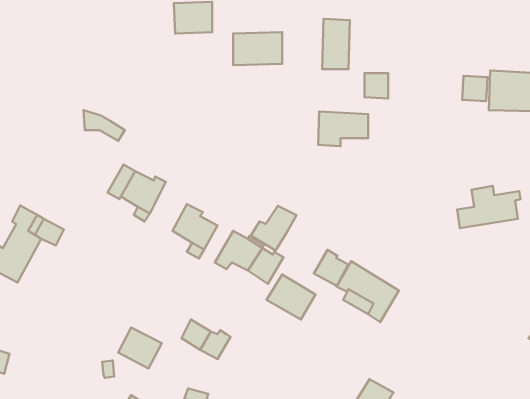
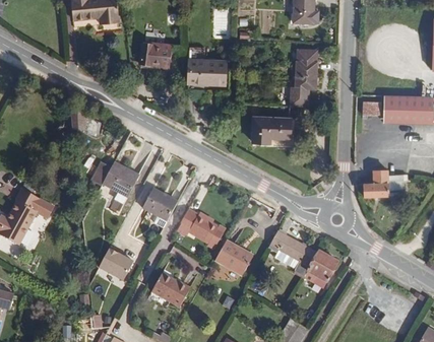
building: [322,19,350,69] -> [294,49,315,87]
building: [251,206,296,250] -> none
building: [314,250,348,286] -> none
building: none -> [300,254,337,294]
building: [118,327,162,368] -> [97,246,130,277]

